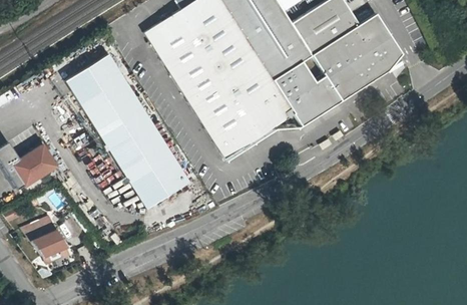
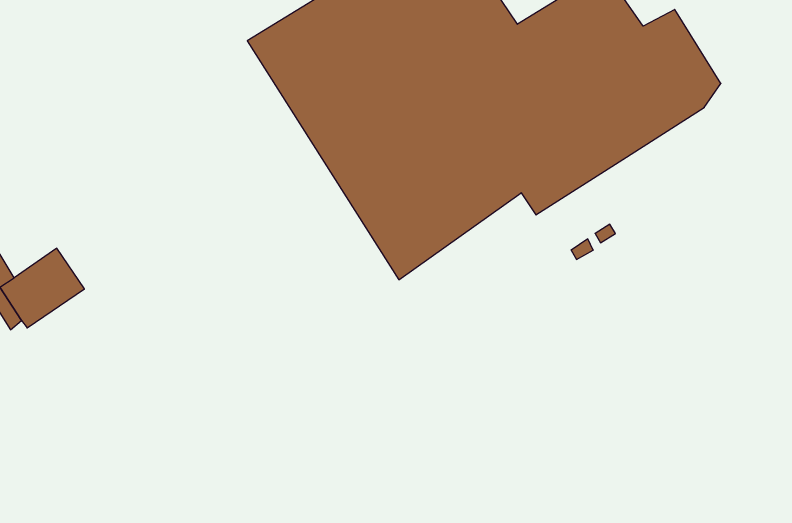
building: [65,54,189,208] -> none
building: [23,218,68,256] -> none

